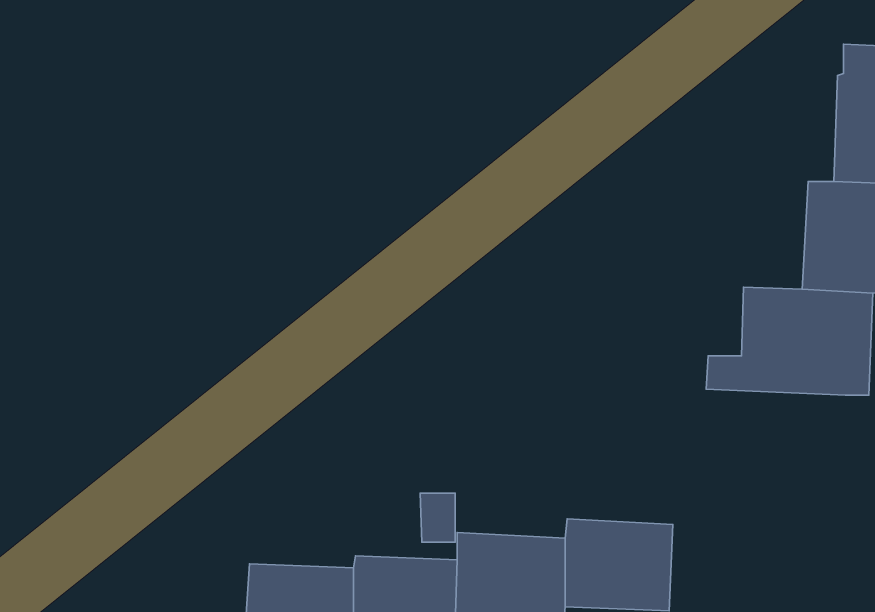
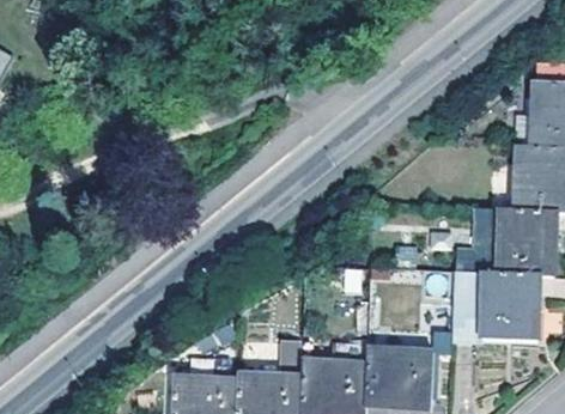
building: none -> [450,272,537,339]

